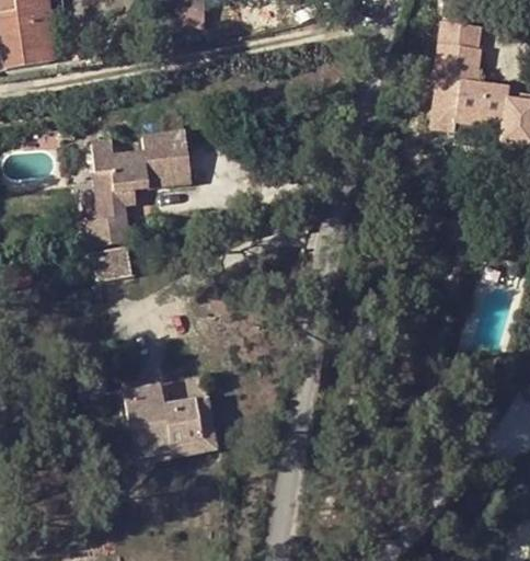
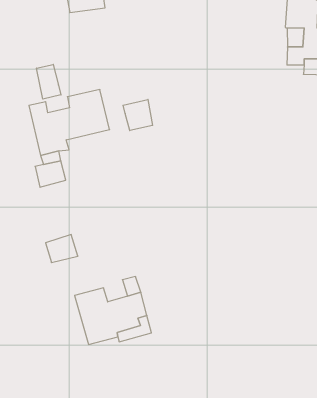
building: none -> [37,64,61,99]
building: none -> [123,99,153,131]
building: [93,244,132,277] -> [46,235,78,263]

